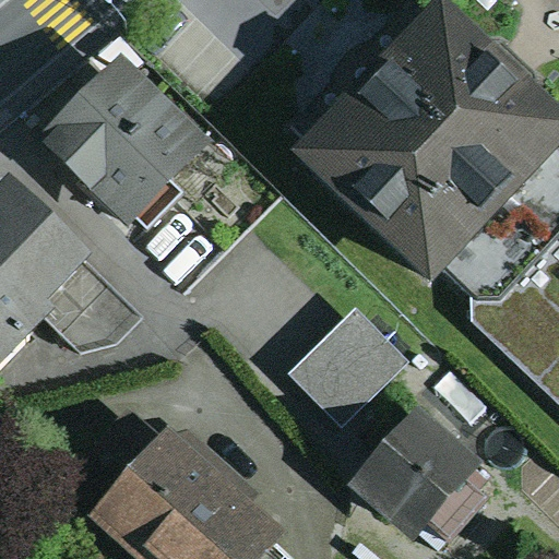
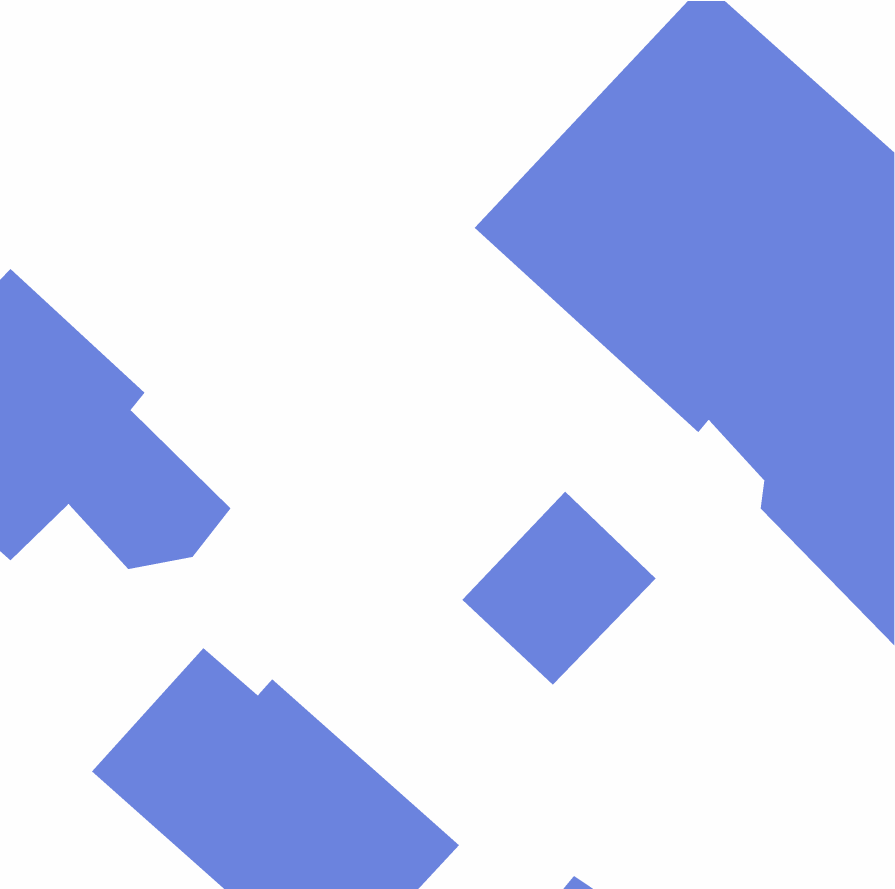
building: [37,48,213,228] -> none
building: [349,404,487,544] -> none

